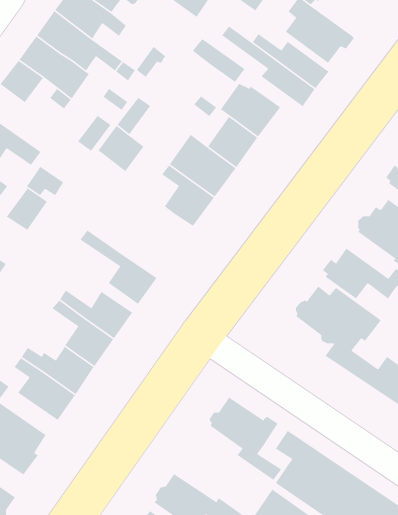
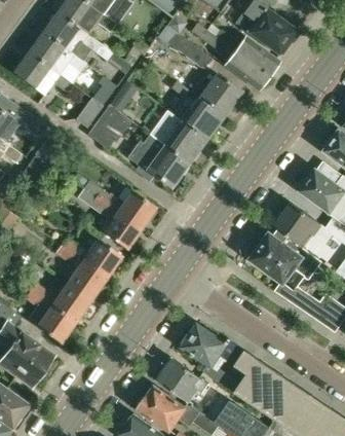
building: none -> [83,181,154,228]
building: none -> [157,359,210,404]

